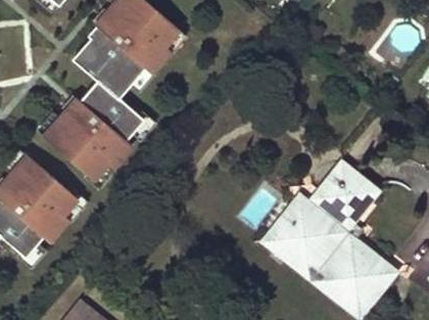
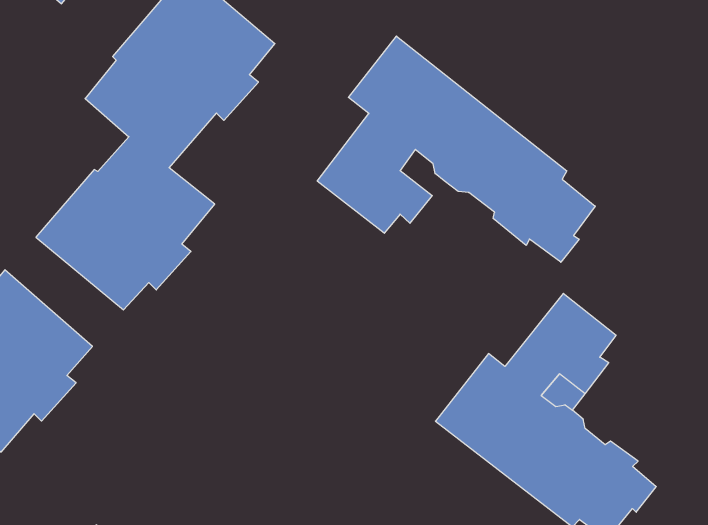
building: none -> [317,36,595,262]

